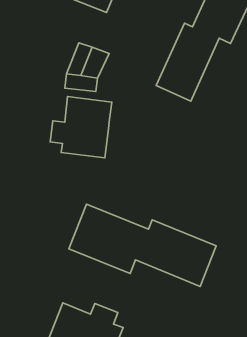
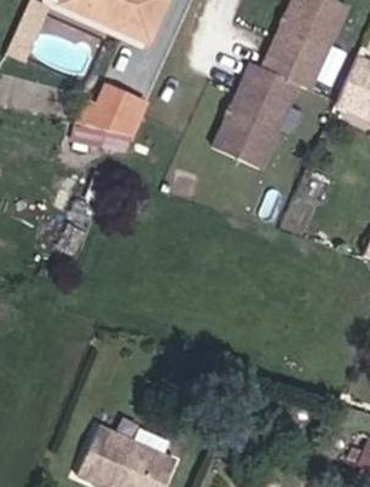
building: [50,96,112,158] -> none
building: [69,204,216,286] -> none

